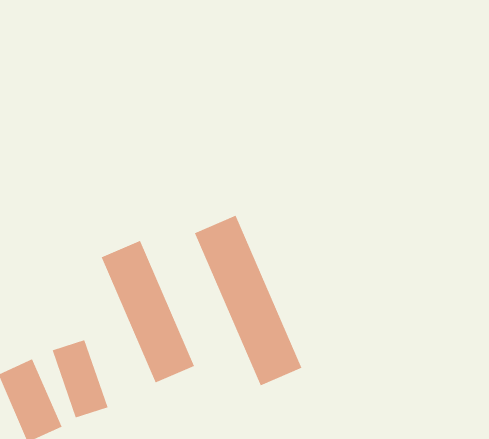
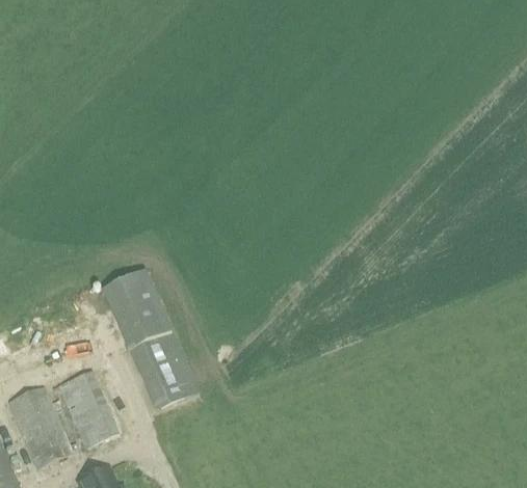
building: [194,215,302,386] -> none

